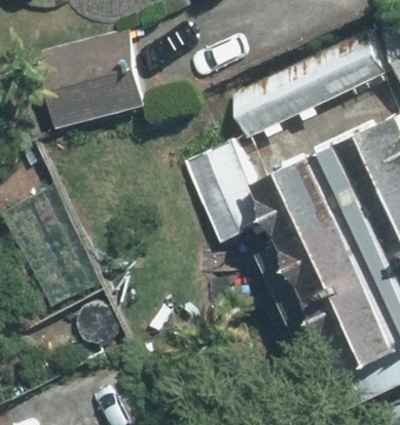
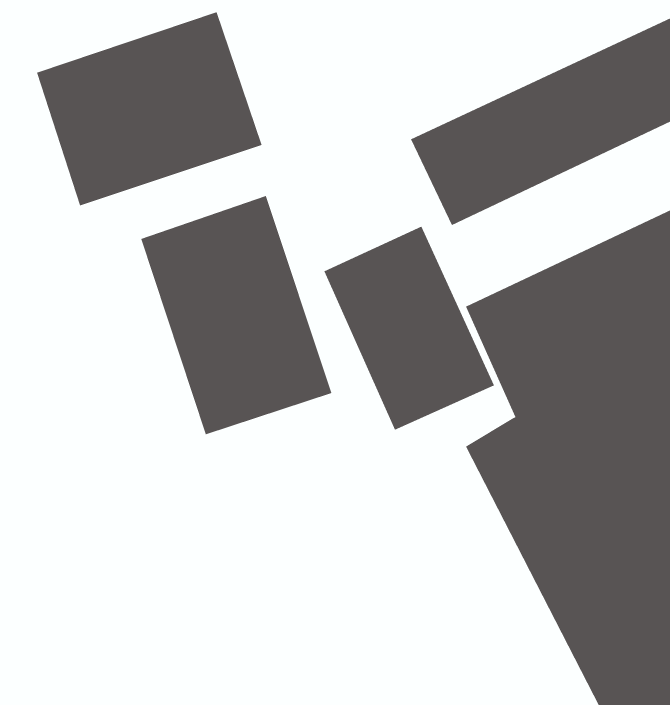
building: none -> [141,195,332,435]

